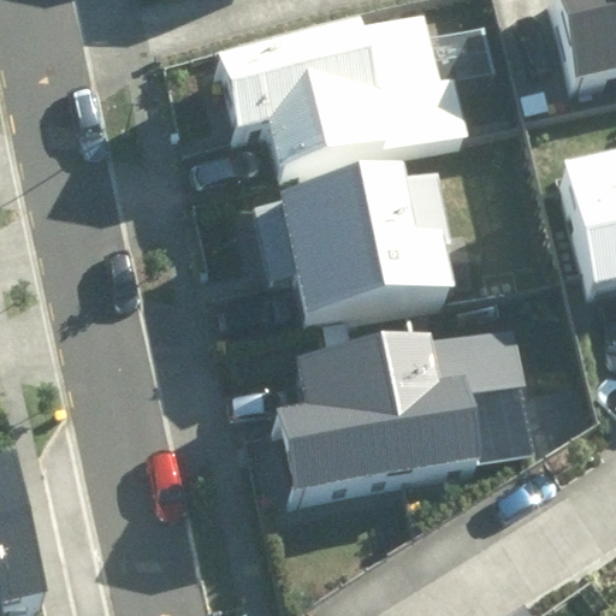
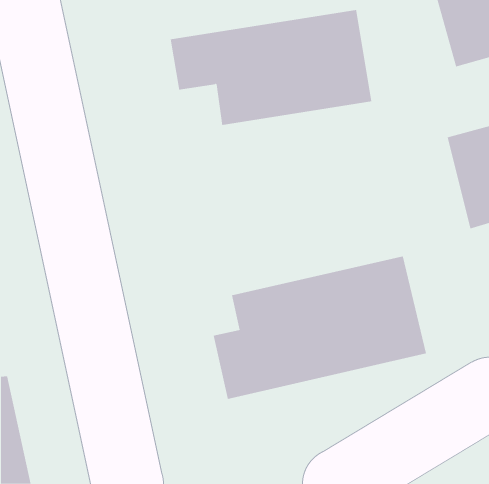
building: [249,170,455,322] -> none

